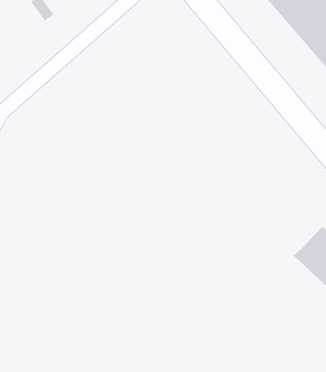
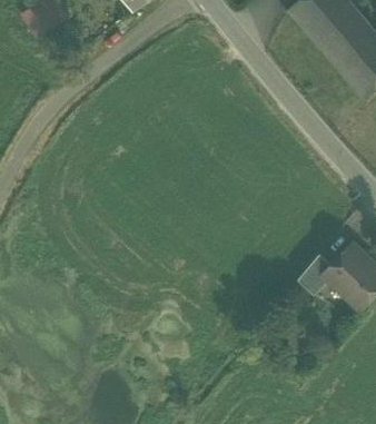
building: none -> [298,255,332,296]

